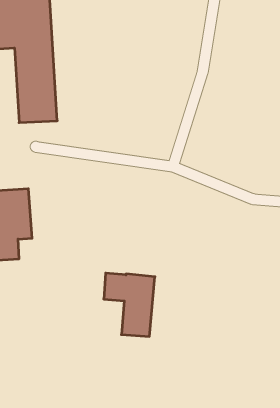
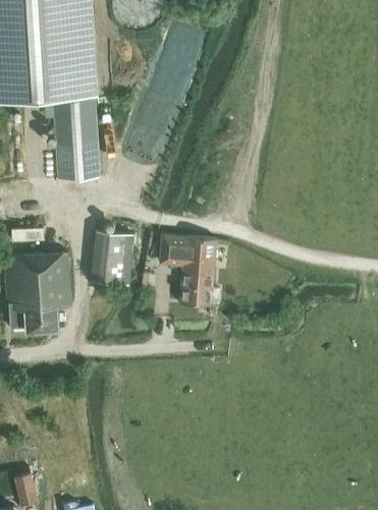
building: none -> [92,229,132,284]
building: [104,273,155,336] -> [160,234,216,303]

